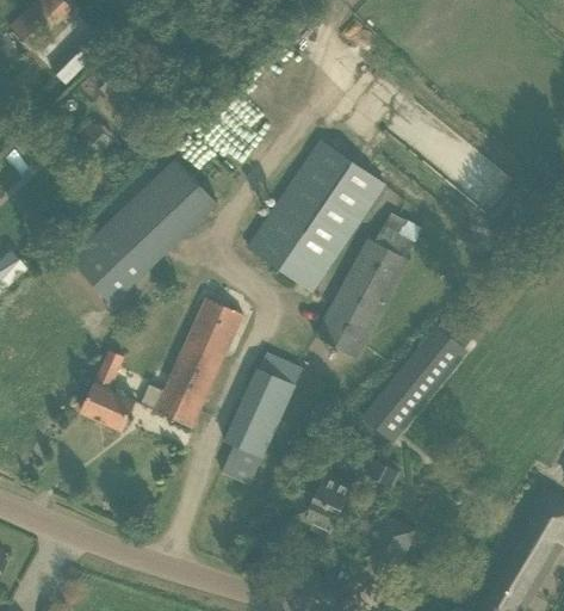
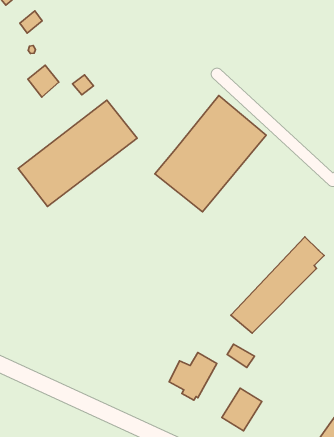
building: [315,211,423,357] -> none
building: [141,297,242,425] -> none
building: [81,350,134,430] -> none
building: [222,351,303,483] -> none

